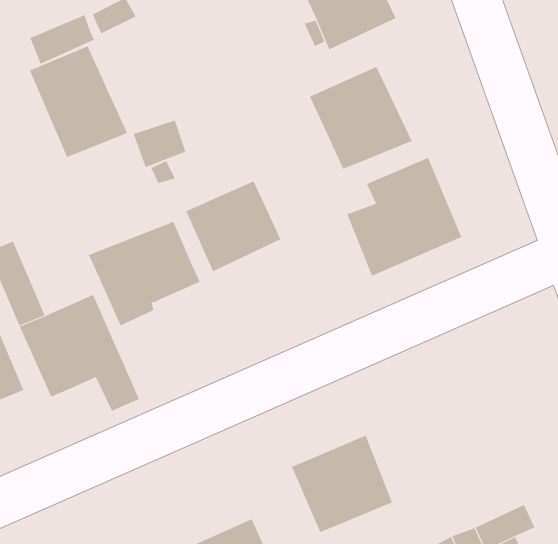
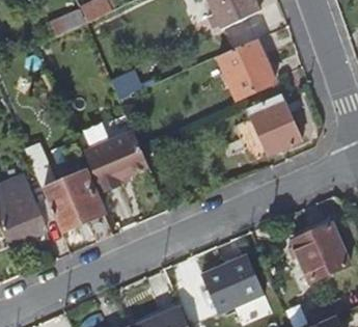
building: [29,46,128,158] -> none
building: [185,180,281,272] -> none
building: none -> [292,224,348,281]

